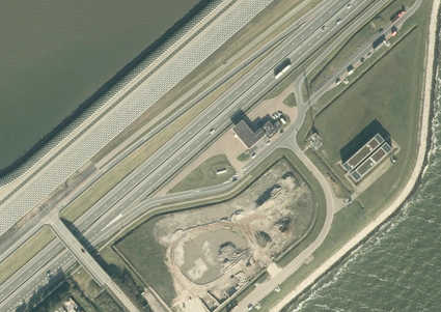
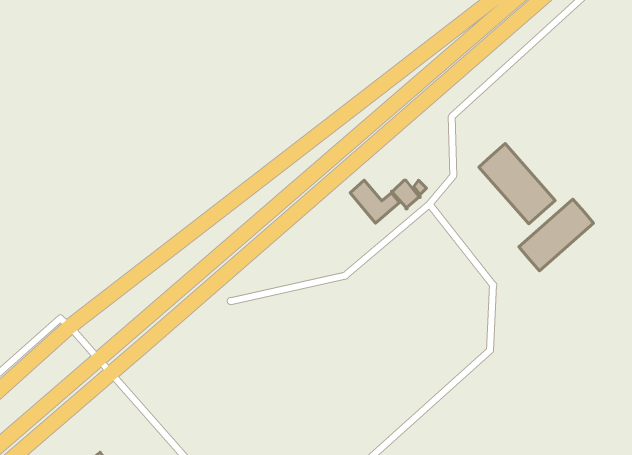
building: none -> [479,144,555,224]

